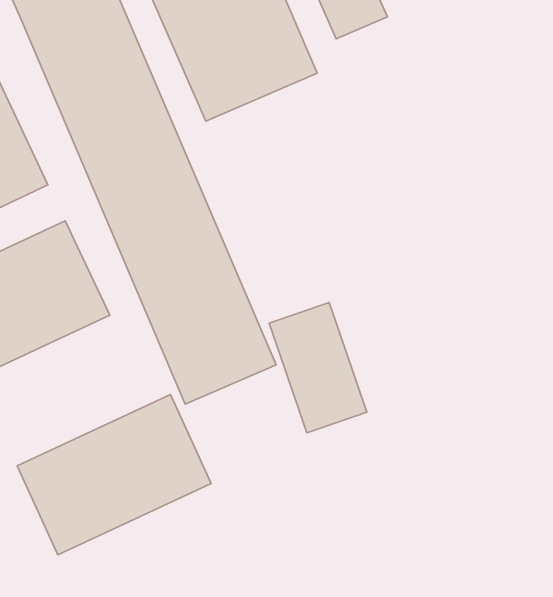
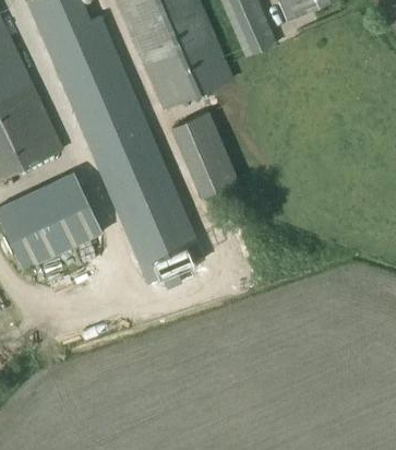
building: [269,303,367,433] -> [167,115,229,198]
building: [17,395,211,555] -> none

